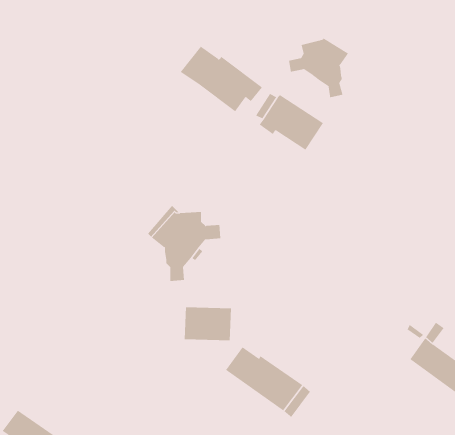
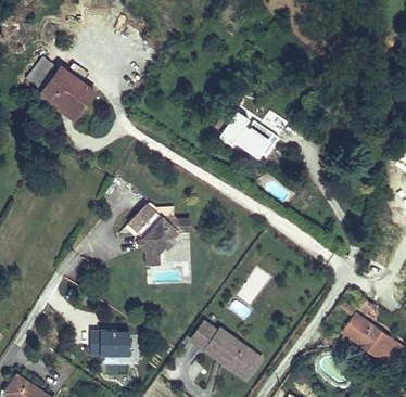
building: [288,38,349,98] -> none
building: [180,46,263,112] -> [26,59,96,114]
building: [184,307,232,341] -> [90,329,130,357]

